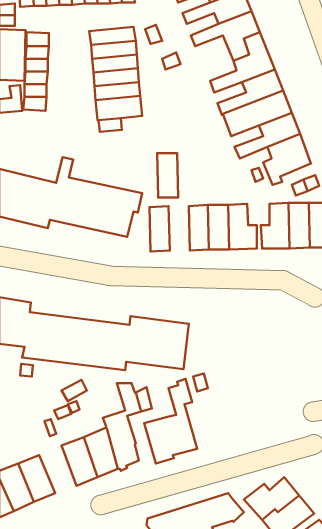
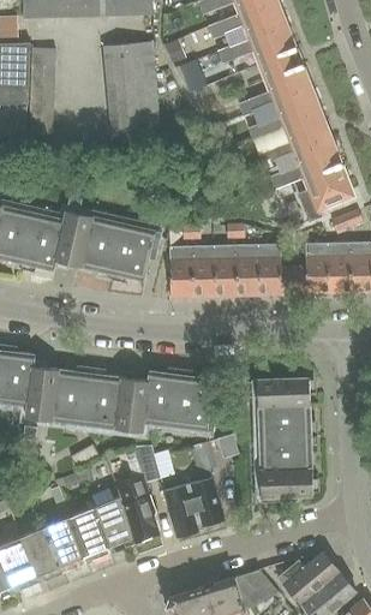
building: [157,153,178,198] -> [191,245,215,295]
building: none -> [257,377,312,496]
building: none -> [44,517,86,571]

